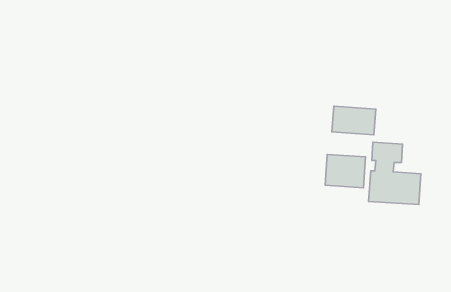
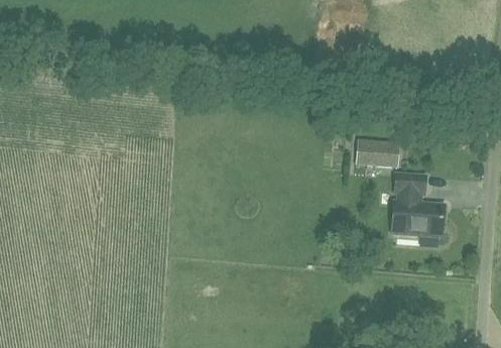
building: [325,154,366,188] -> none

